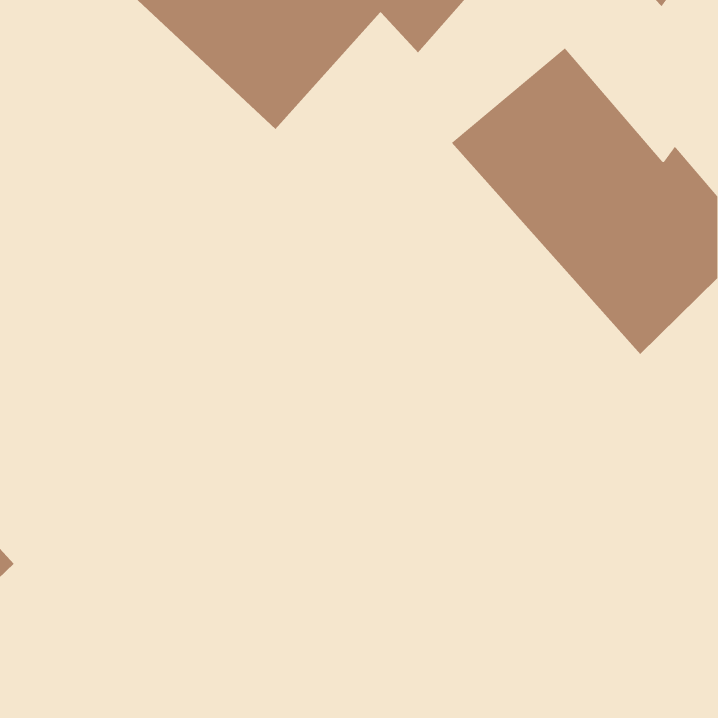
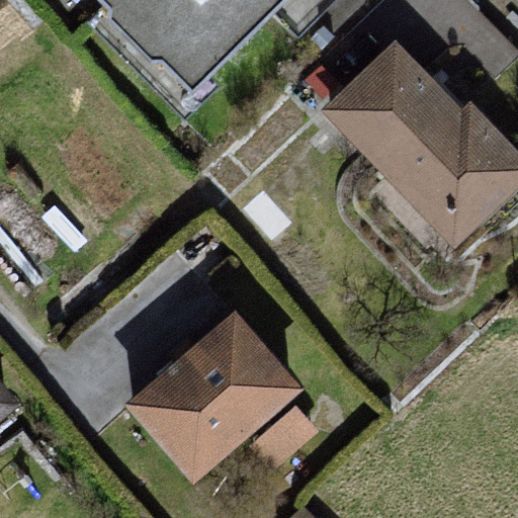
building: none -> [131,307,307,488]

